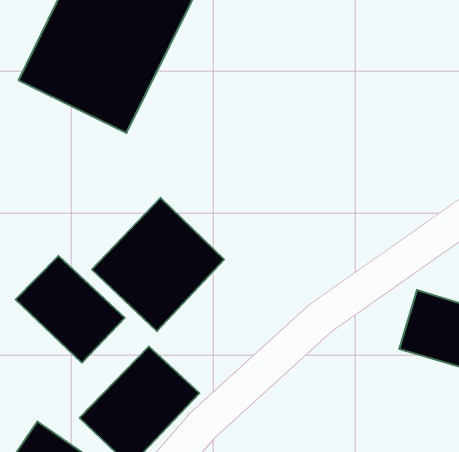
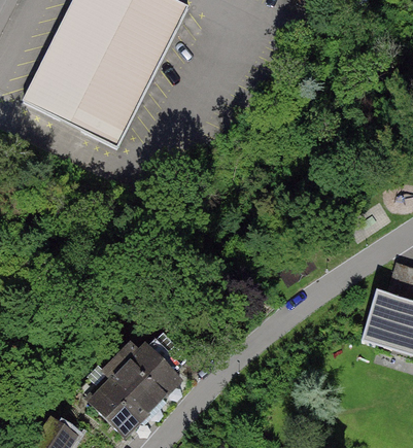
building: [92,198,224,331] -> none
building: [16,256,125,363] -> none

